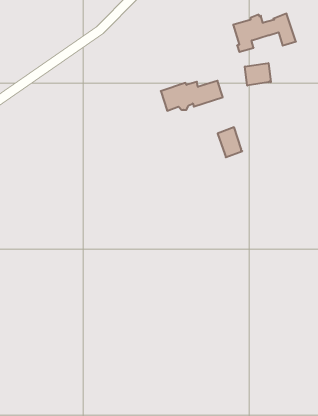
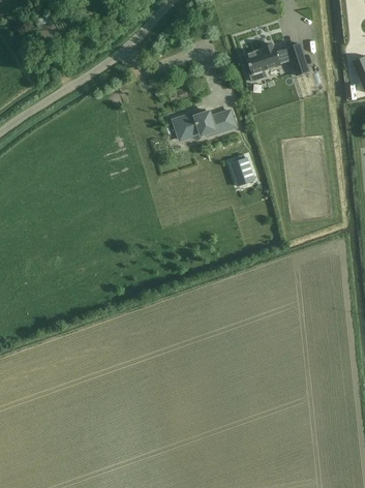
building: [245,63,271,86] -> none

